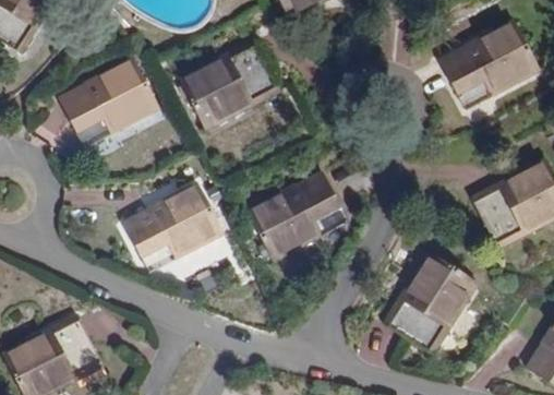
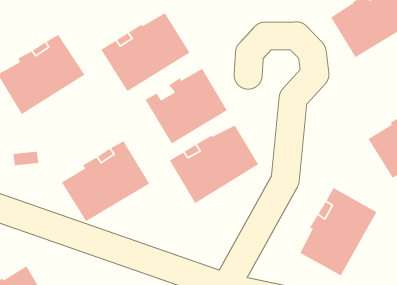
building: none -> [144,68,228,144]

